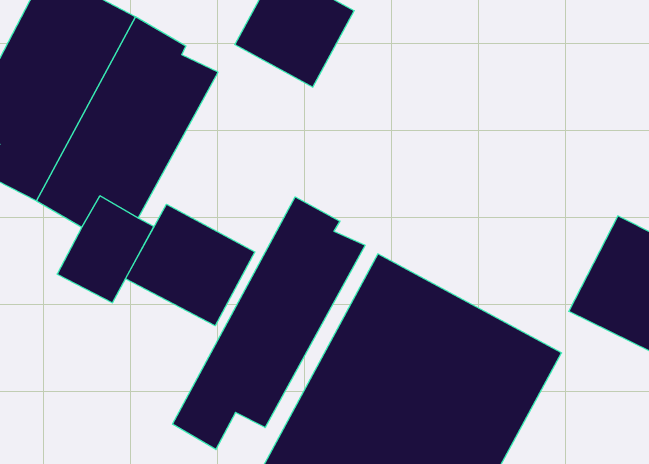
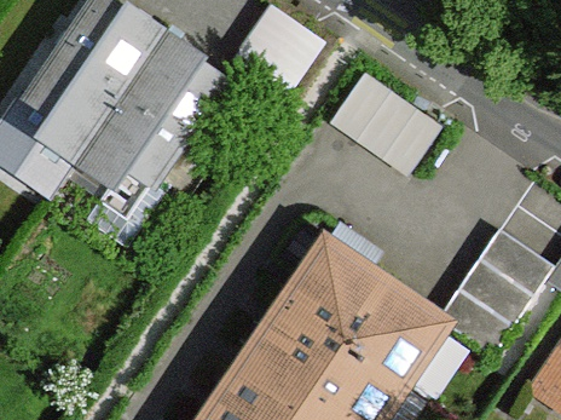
building: none -> [336,69,446,171]
building: [173,197,365,450] -> none
building: [125,204,255,326] -> none

